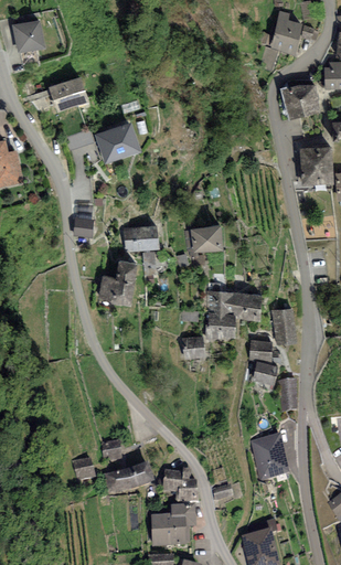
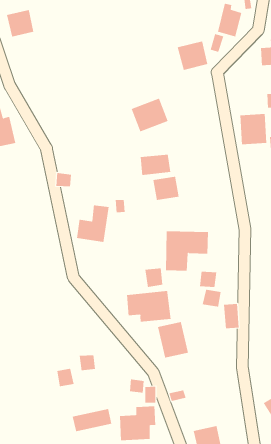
building: [47,74,88,111] -> none
building: [281,82,320,118] -> [177,41,208,70]
building: [94,121,140,163] -> [131,98,168,132]
building: [121,225,160,252] -> [140,154,171,176]
building: [270,308,297,345] -> none
building: none -> [126,290,171,323]
building: [251,435,289,480] -> [157,321,189,358]
building: [103,465,152,493] -> [72,409,112,432]

